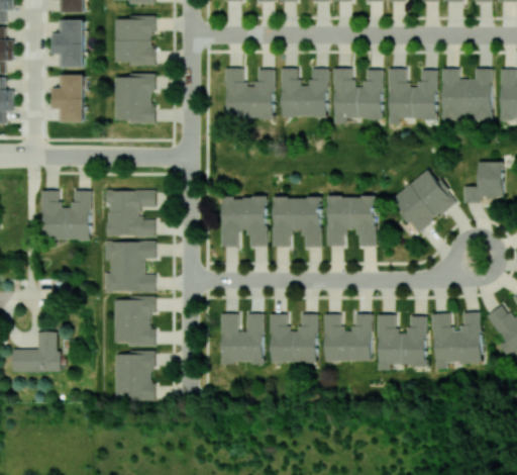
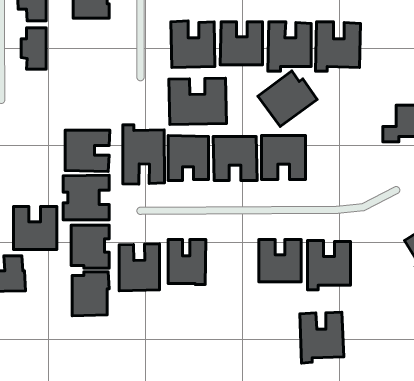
building: [442,68,494,120] -> none
building: [114,73,156,122] -> none
building: none -> [169,78,226,125]
building: [391,170,457,232] -> [258,71,317,127]
building: none -> [123,125,164,184]
building: [42,190,91,239] -> [14,207,57,250]
building: [433,311,483,369] -> [300,312,344,363]
building: [271,313,318,362] -> none
building: none -> [119,244,159,291]

